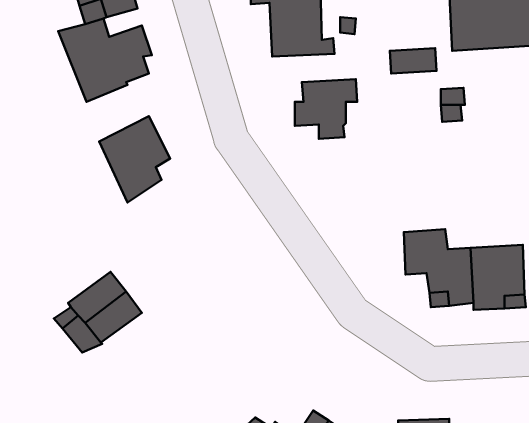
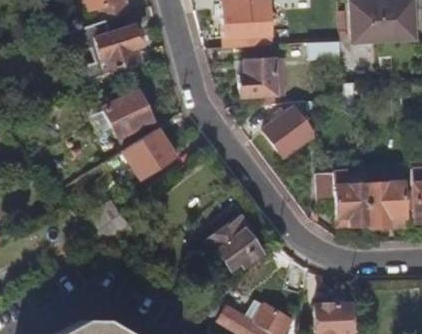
building: none -> [266,103,315,155]
building: none -> [124,127,176,179]
building: none -> [206,213,261,273]

